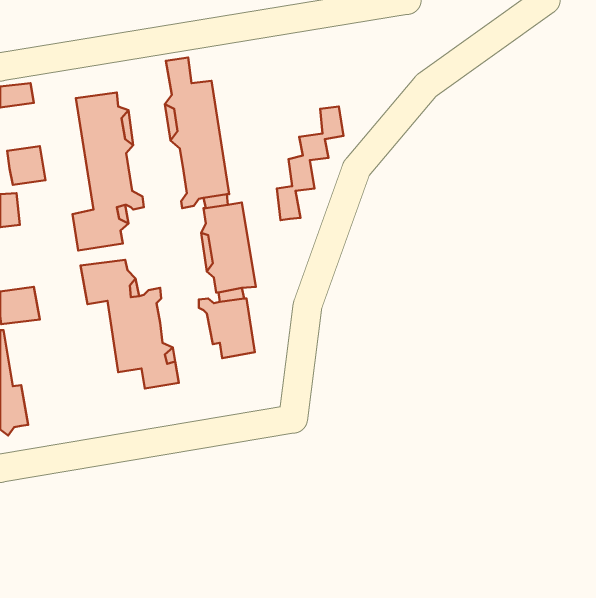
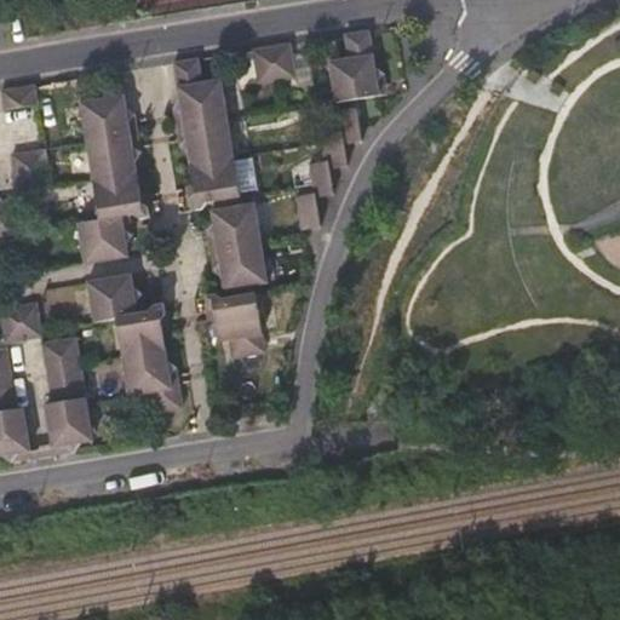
building: none -> [326,31,380,103]
building: none -> [251,45,291,85]
building: none -> [41,329,91,441]

